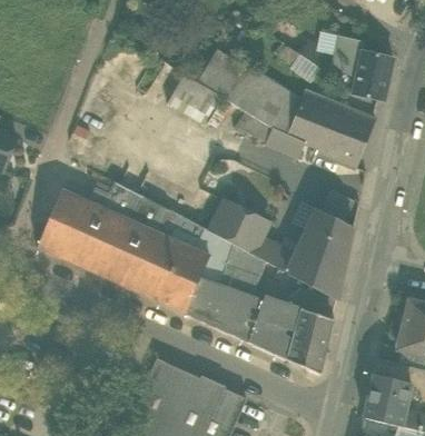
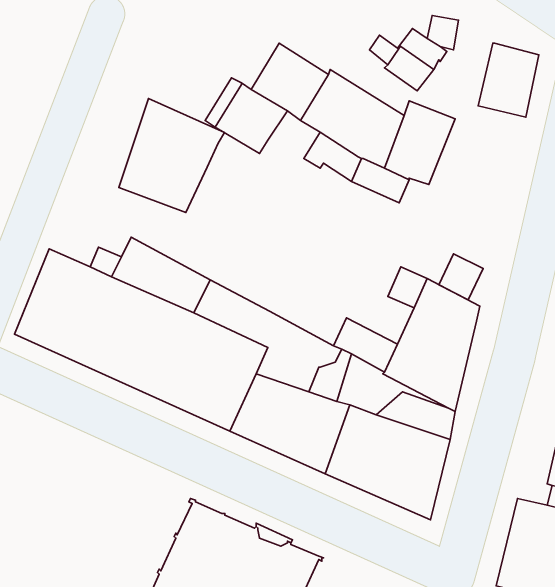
building: [332,34,364,78] -> none
building: none -> [119,99,224,212]
building: [315,101,375,168] -> none
building: [209,200,267,255] -> none

